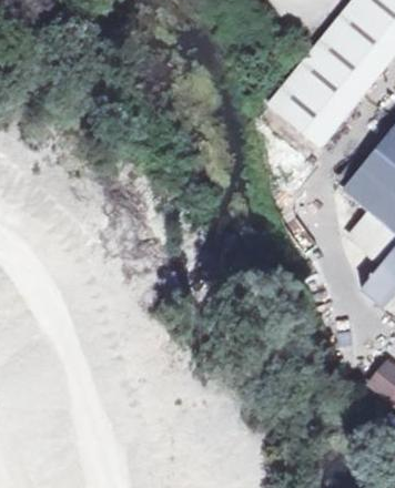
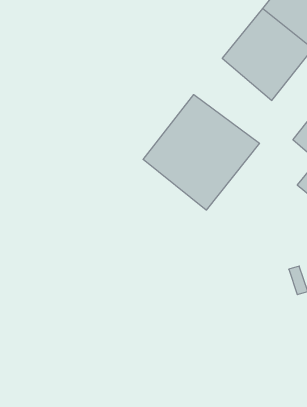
building: none -> [143,95,259,210]

